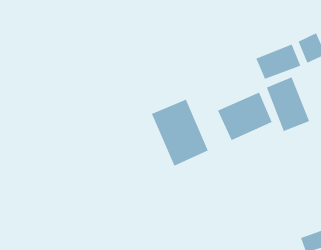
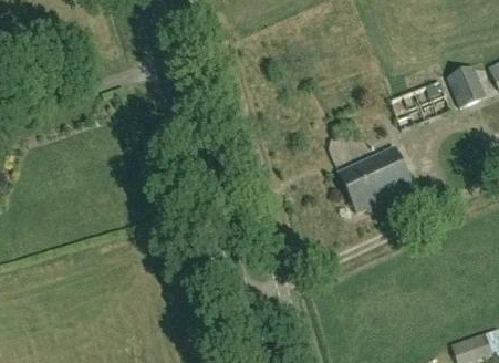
building: [266,76,310,132] -> none
building: [151,99,209,166] -> none

